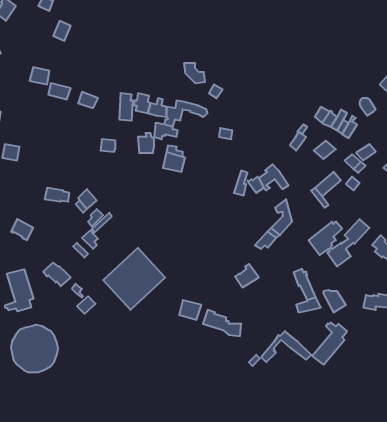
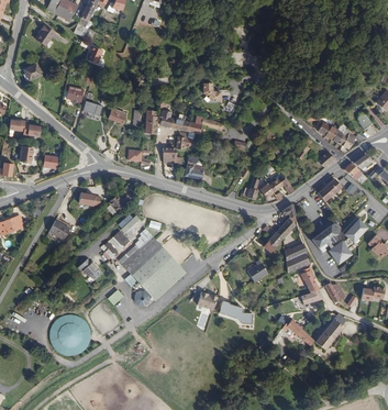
building: none -> [119,228,162,274]
building: none -> [285,228,310,273]
building: [5,269,33,311] -> none

